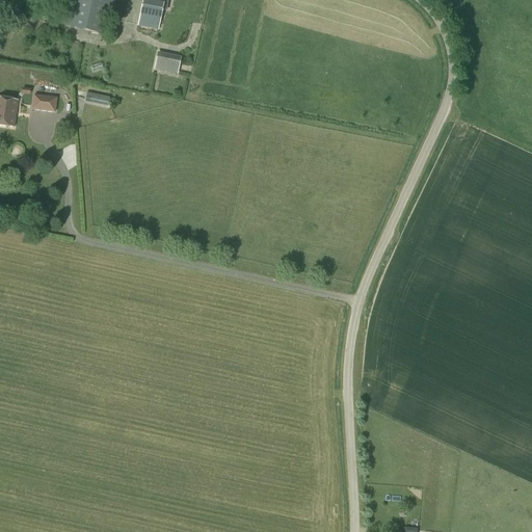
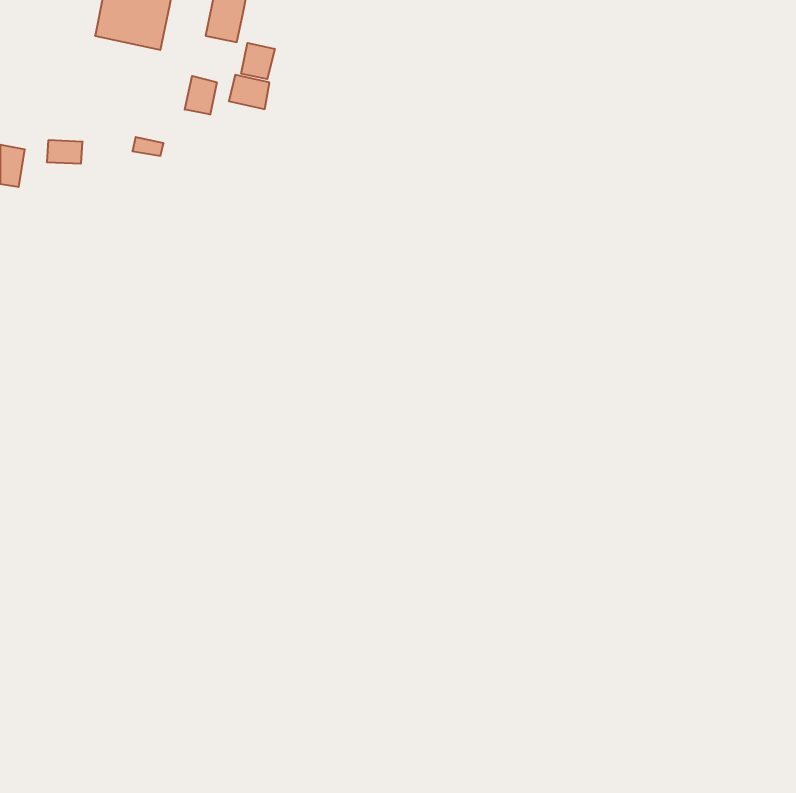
building: none -> [241,43,275,79]
building: none -> [185,76,217,115]

